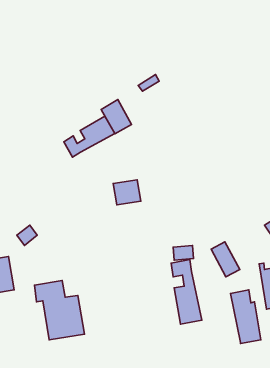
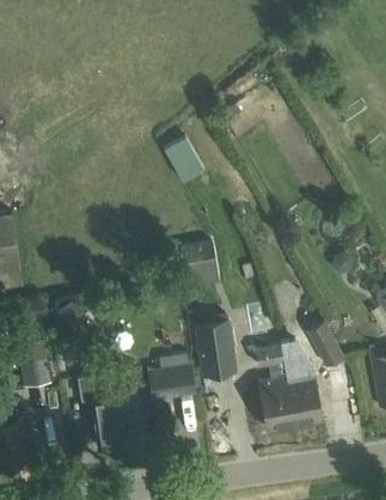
building: [64,116,115,157] -> none
building: none -> [196,318,238,376]
building: none -> [148,353,195,401]
building: [230,290,261,344] -> [282,355,321,425]

